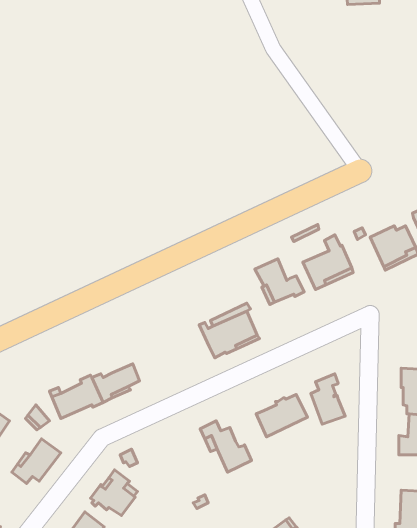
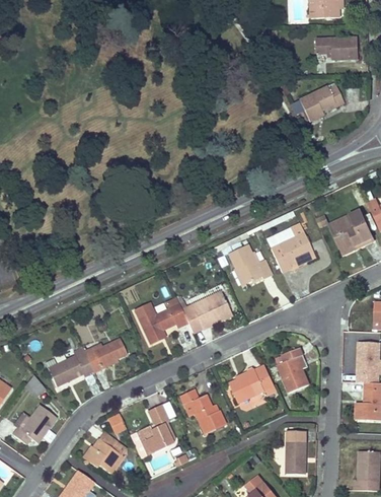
building: none -> [316,37,358,60]
building: none -> [298,82,344,122]
building: none -> [136,297,187,343]
building: none -> [130,405,173,458]
building: none -> [286,430,306,474]

